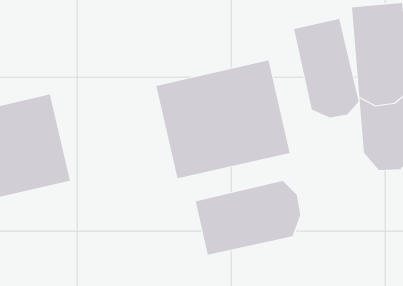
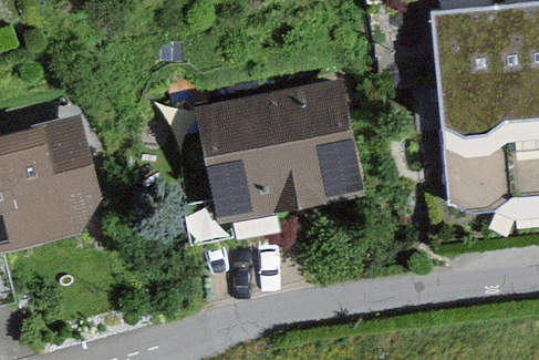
building: [293,18,359,118] -> none
building: [195,180,301,256] -> none

